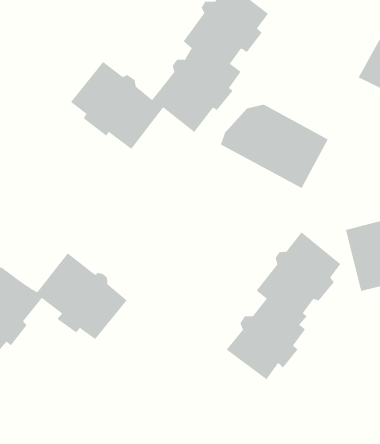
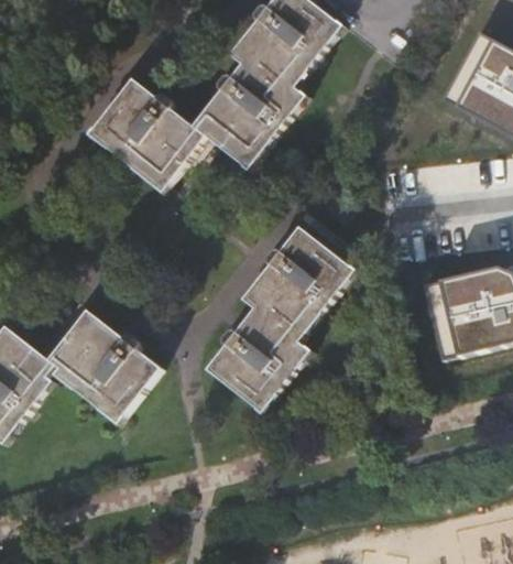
building: [220,104,329,189] -> none
building: [226,231,341,380] -> [209,227,349,408]

